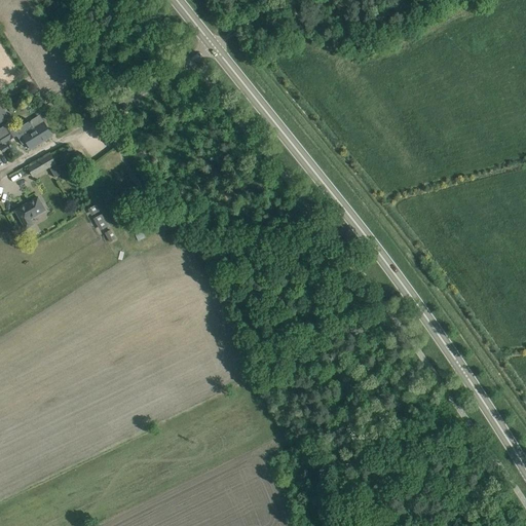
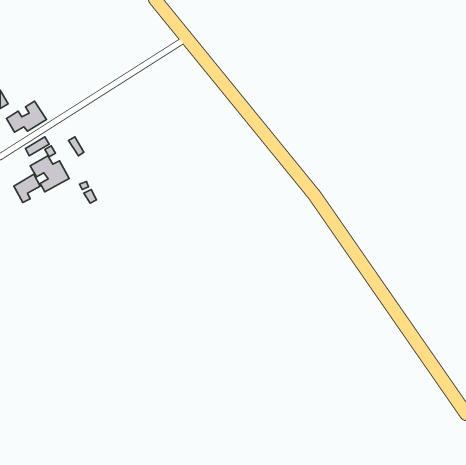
building: none -> [30,156,69,192]

